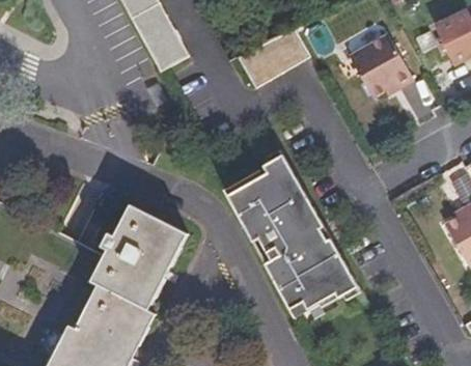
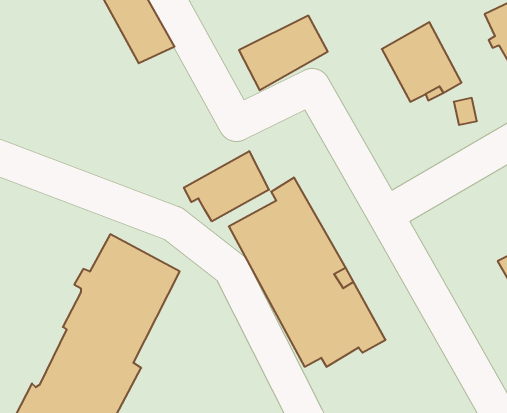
building: none -> [184,151,269,221]

